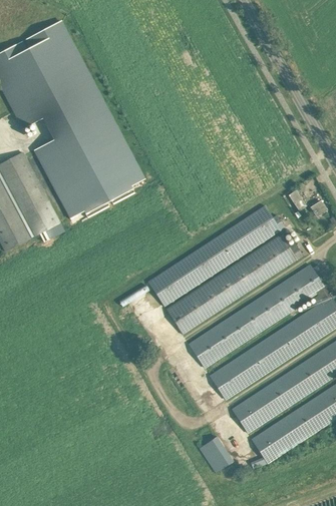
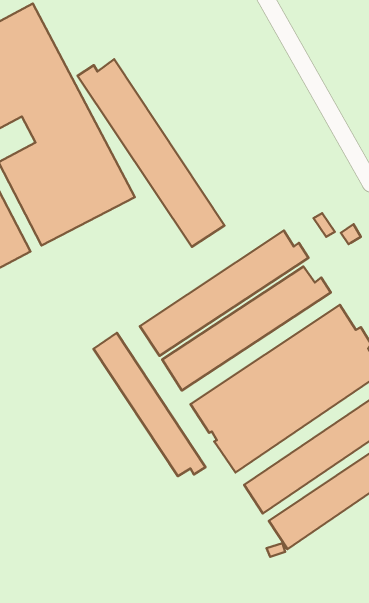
building: none -> [77,59,225,247]
building: none -> [94,333,205,476]
building: [200,436,233,472] -> none

